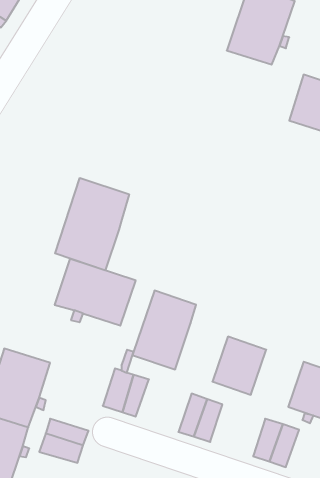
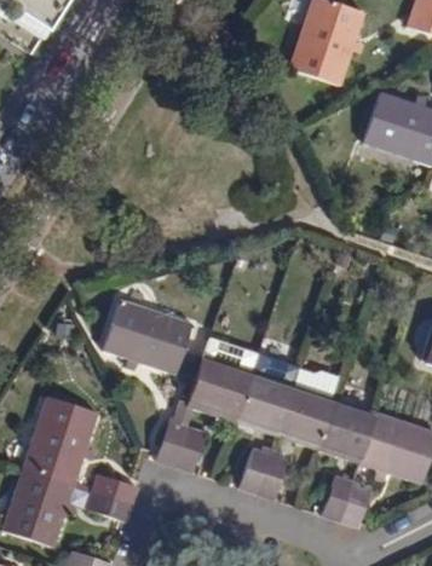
building: [55,178,129,270] -> none
building: none -> [235,368,293,432]
building: none -> [318,397,376,460]

